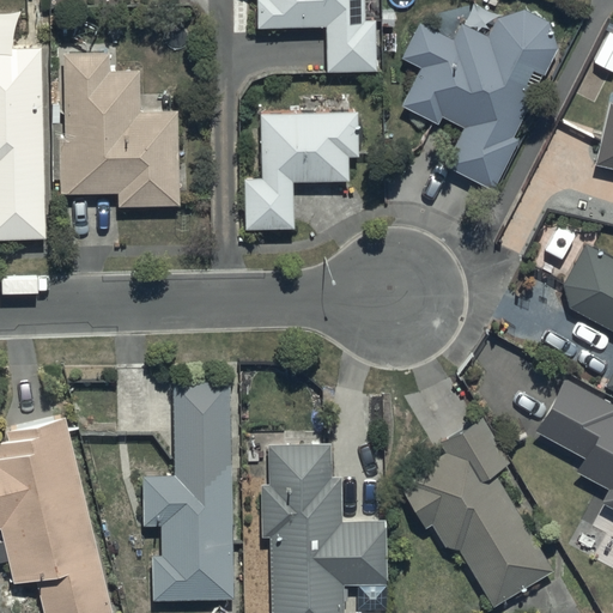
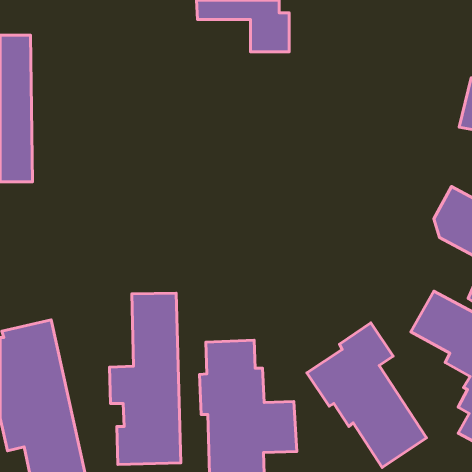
building: [400,10,558,190] -> none
building: [53,51,181,208] -> none
building: [241,114,357,231] -> none

